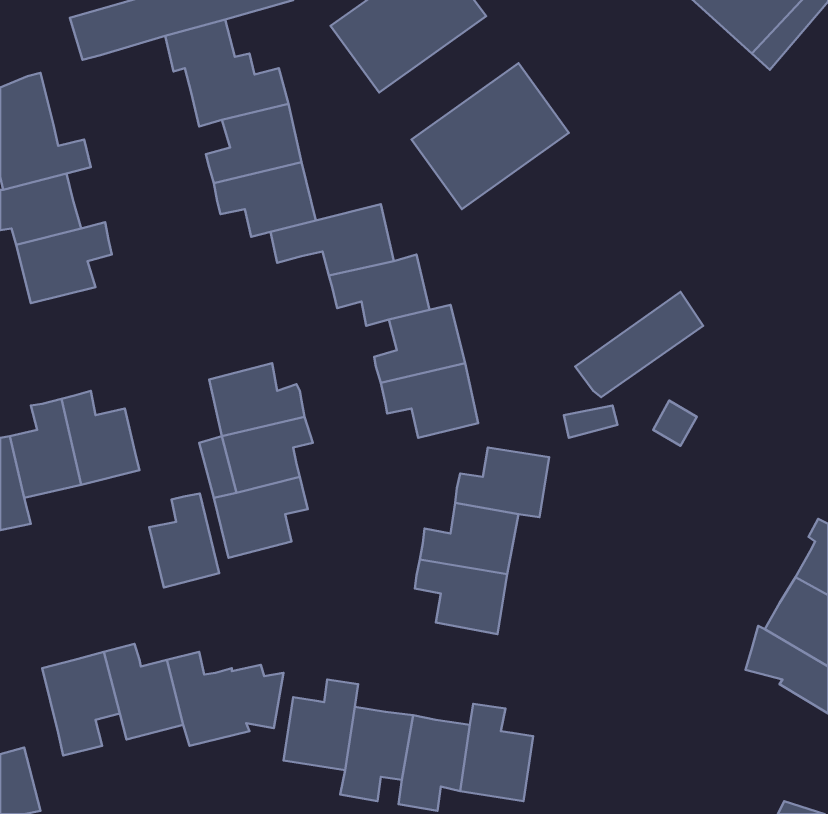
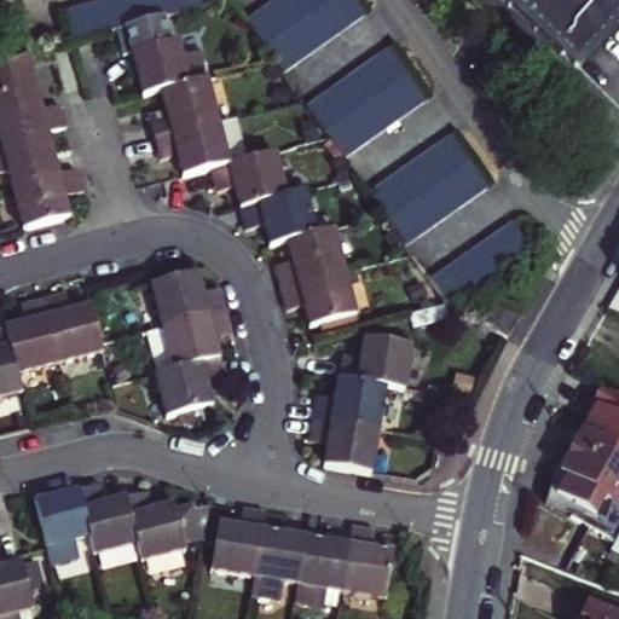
building: none -> [370,133,485,239]
building: [149,493,219,588] -> none

